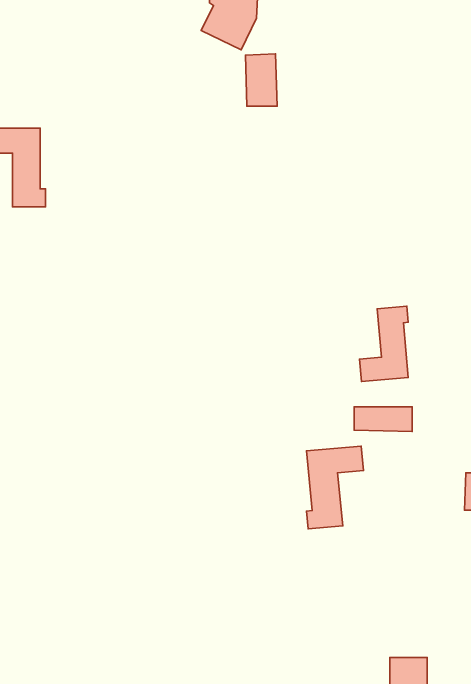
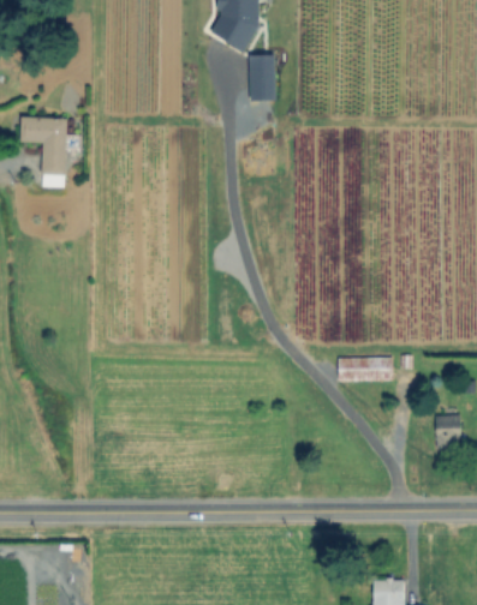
building: [359,306,408,382] -> none
building: [306,446,364,529] -> none

